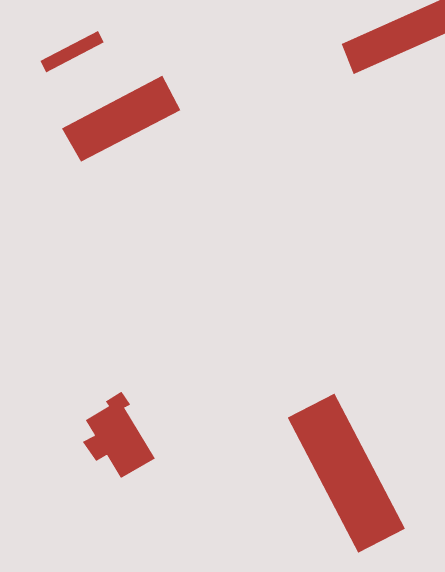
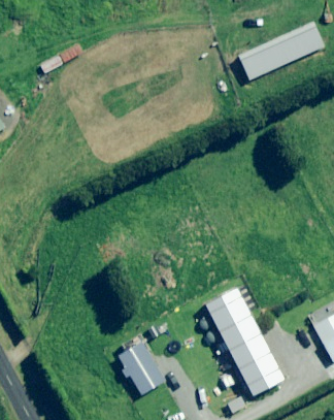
building: [61,75,181,163] -> none
building: [82,391,156,479] -> [116,336,166,395]

